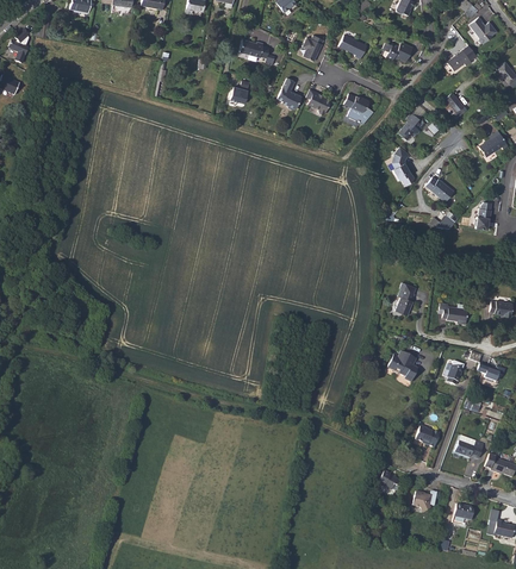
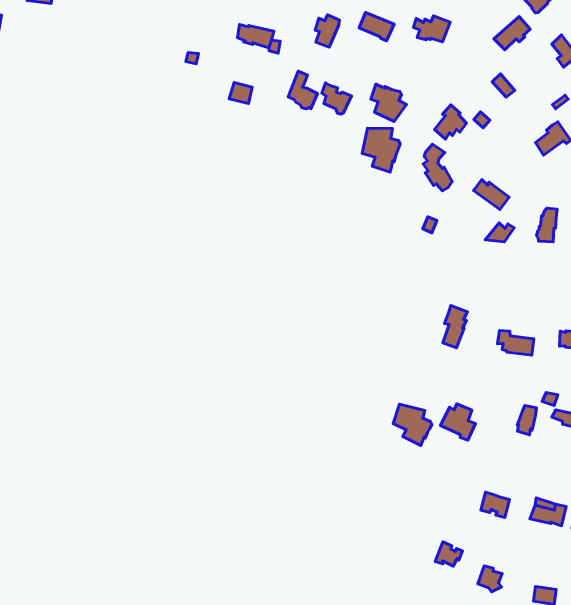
building: none -> [362,128,400,172]
building: none -> [393,404,432,446]

